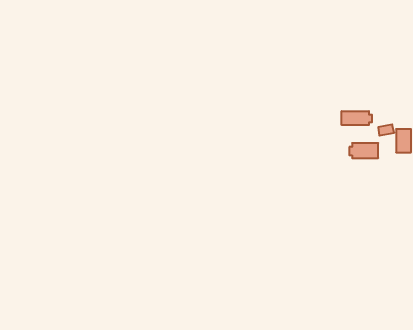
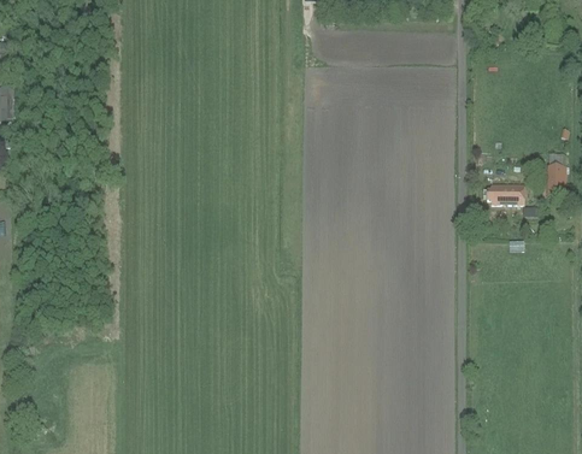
building: [342,111,372,125] -> none

